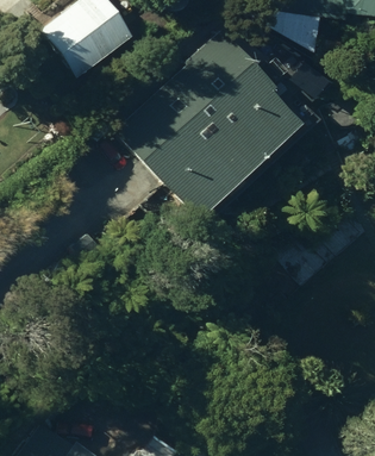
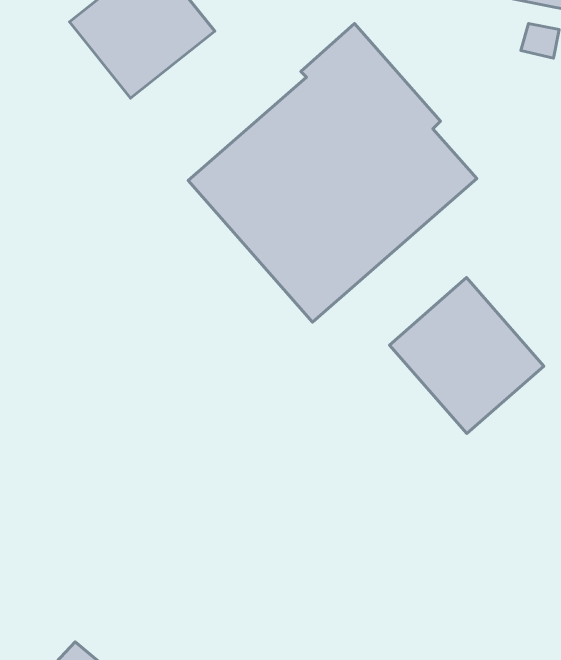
building: none -> [390,278,544,433]

